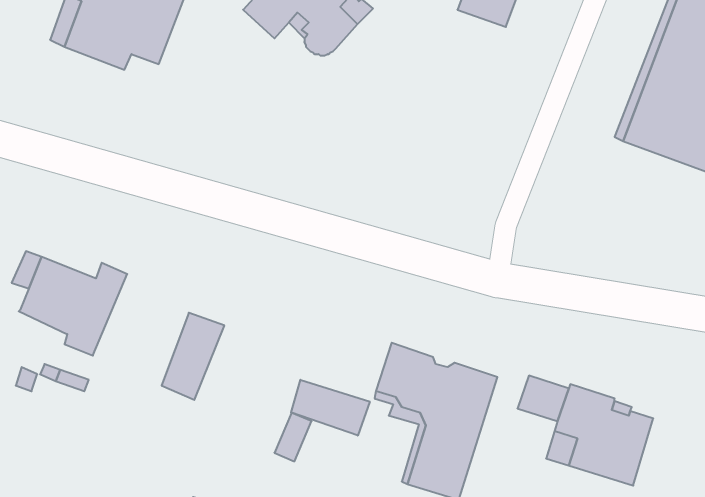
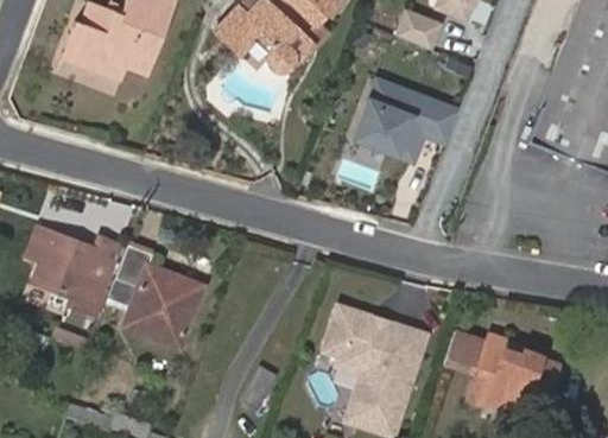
building: none -> [347,69,462,161]
building: none -> [113,249,172,342]
building: [291,380,370,436] -> none

